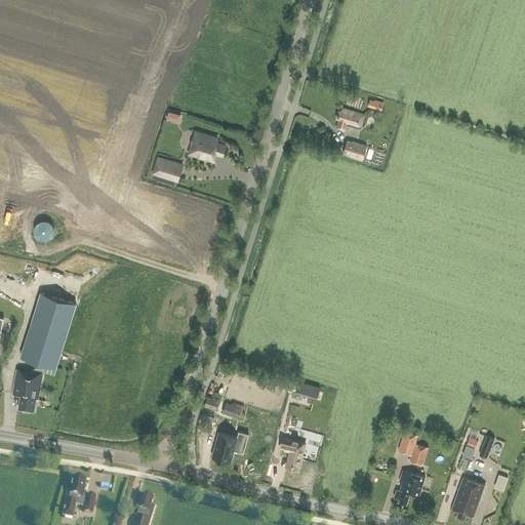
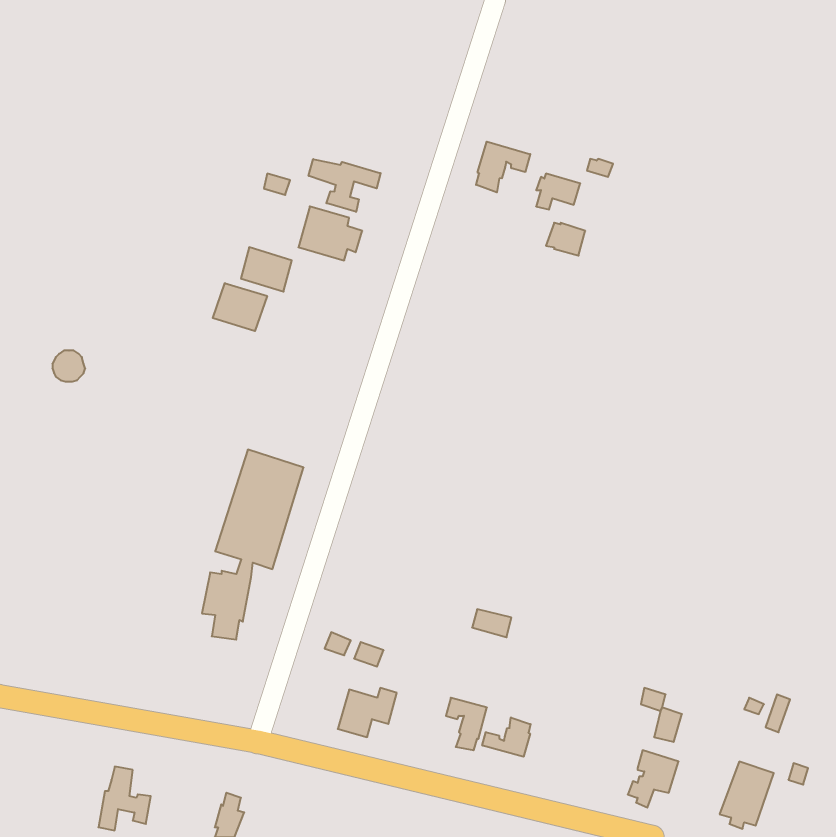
building: none -> [476,142,530,192]
building: none -> [309,159,381,212]
building: none -> [213,283,267,331]
building: [11,292,75,411] -> [202,450,304,640]
building: none -> [482,717,531,757]

